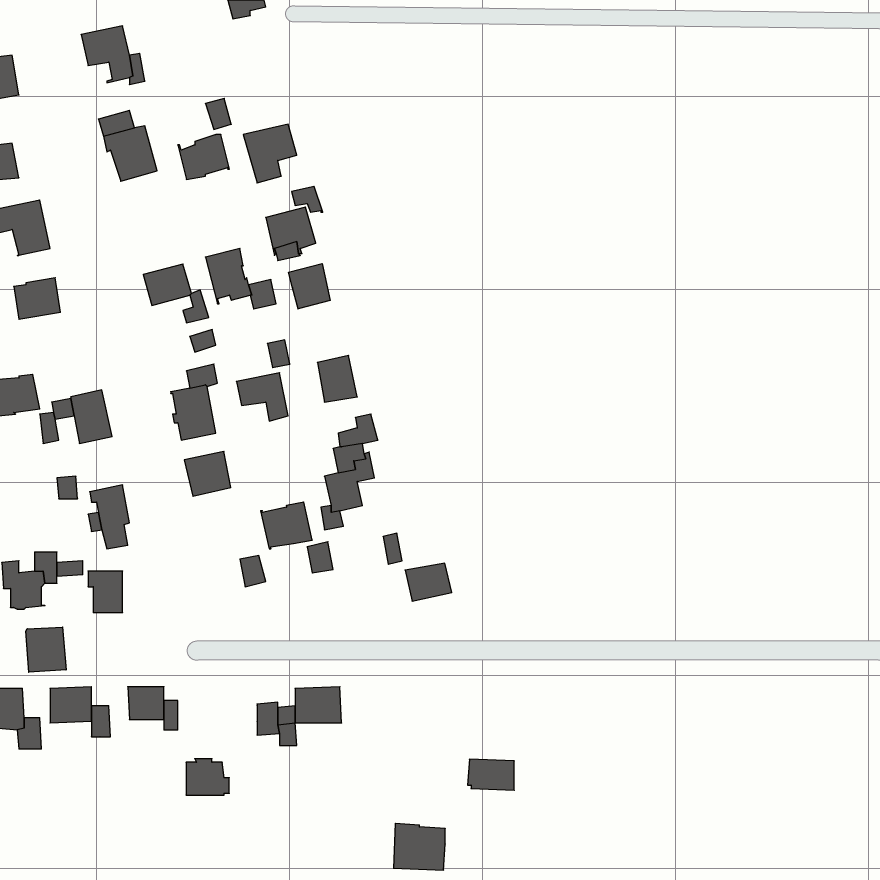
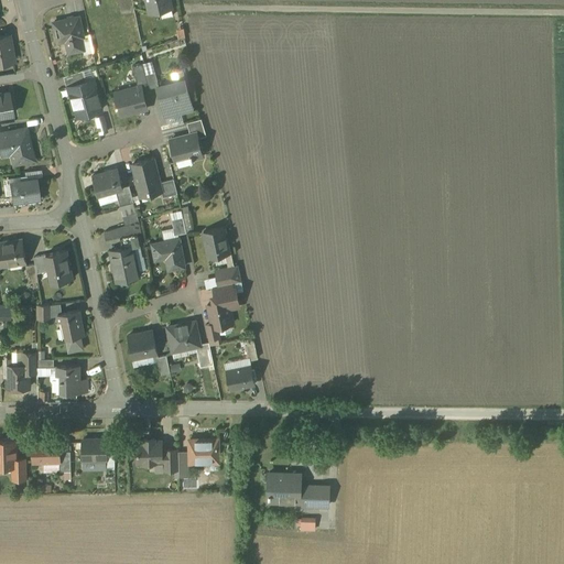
building: [289,264,330,309] -> none
building: [184,451,231,496] -> [127,330,156,359]
building: [405,563,452,601] -> [225,366,254,390]
building: [26,627,66,672] -> none
building: [186,759,229,795] -> [137,440,164,463]
building: [394,823,445,870] -> [267,473,300,502]

